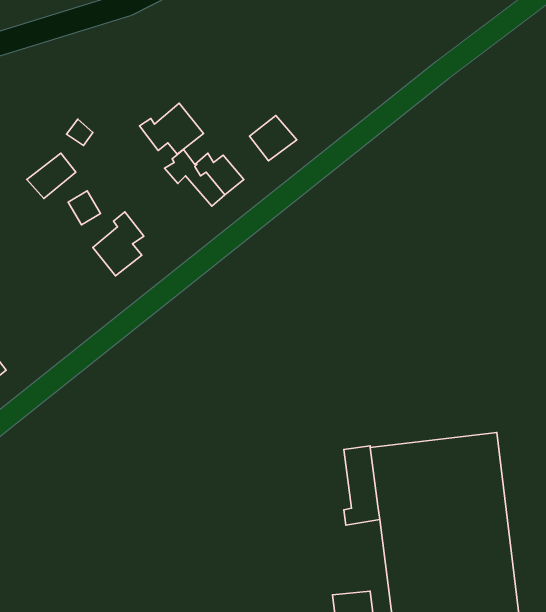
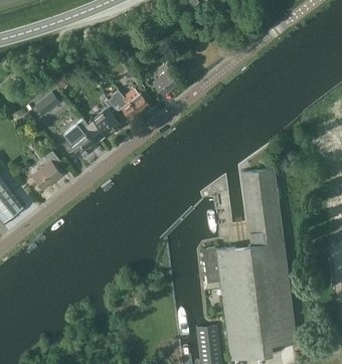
building: [139,103,204,154] -> [86,111,120,138]
building: none -> [31,151,61,190]
building: none -> [241,168,283,241]

